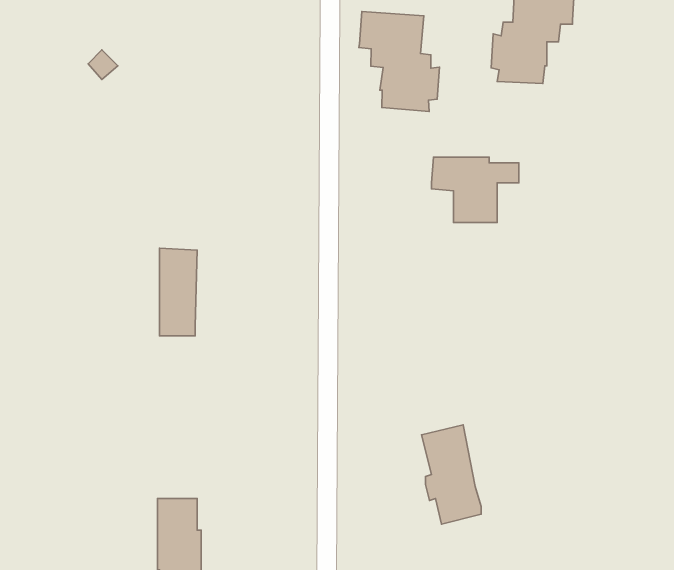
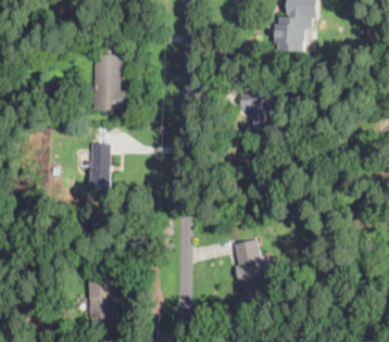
building: [359,12,439,112] -> none
building: none -> [95,53,123,107]

